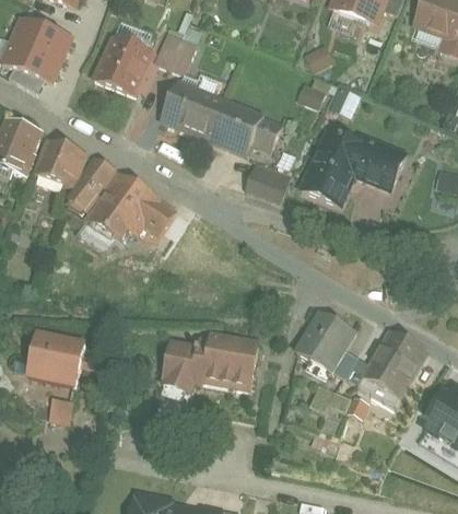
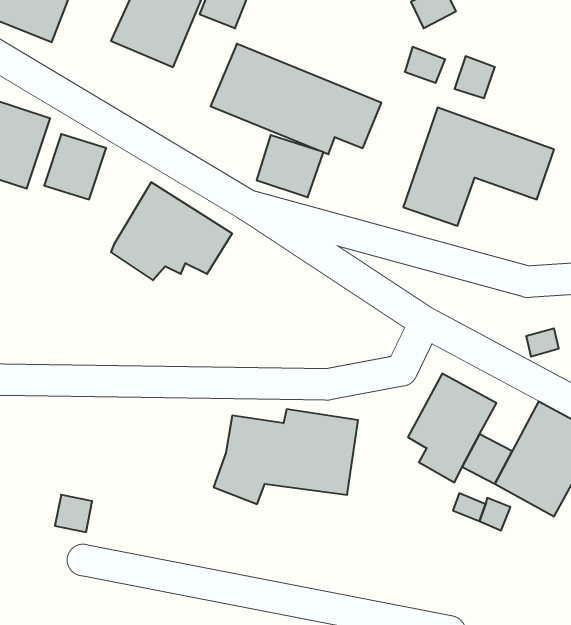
building: [70,165,119,223] -> none
building: [246,167,293,211] -> [257,135,323,197]
building: [26,336,89,393] -> none

